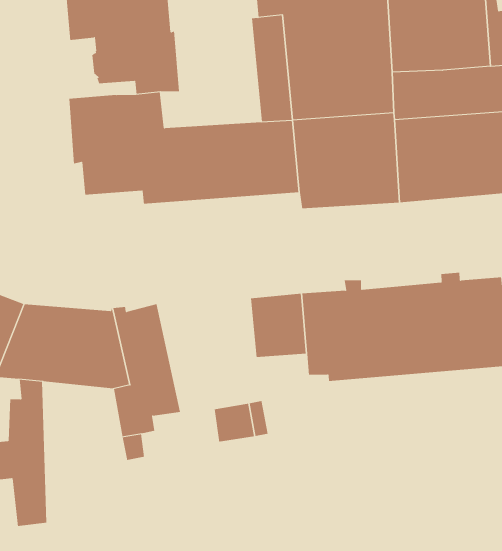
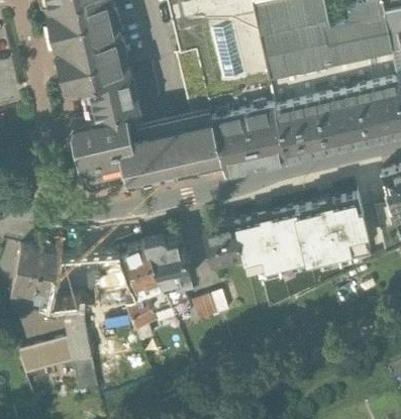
building: none -> [145,239,191,308]

